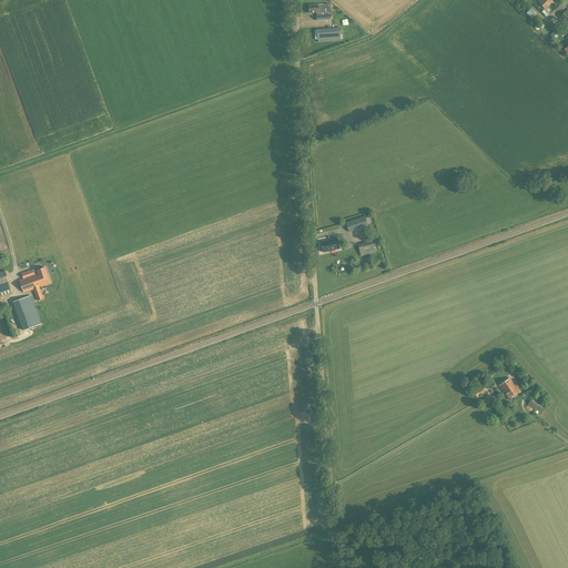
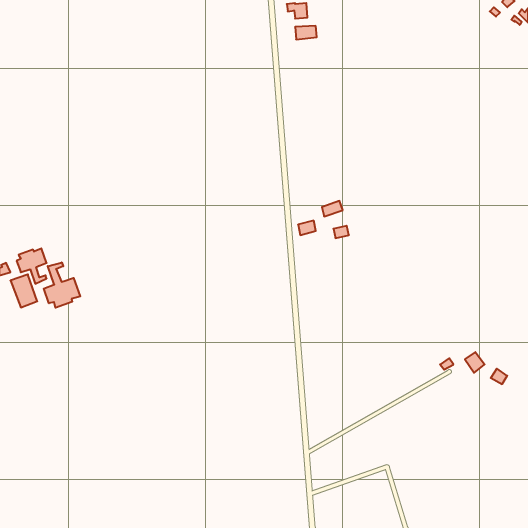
building: none -> [44,262,80,308]

